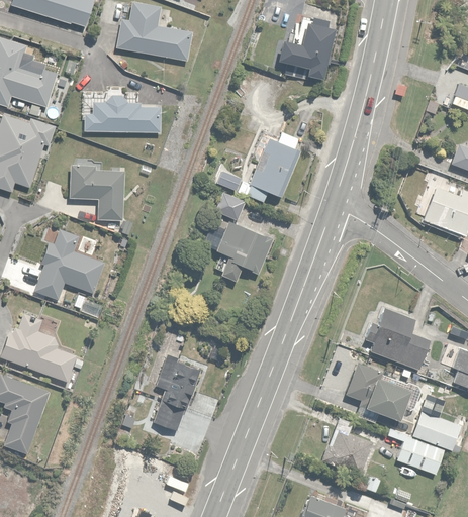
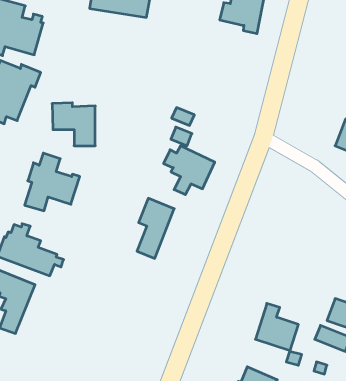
building: [83,97,161,135] -> none
building: [246,130,299,203] -> none
building: [365,309,430,369] -> none
building: [154,355,200,430] -> [137,198,174,258]
building: [346,364,409,420] -> none

